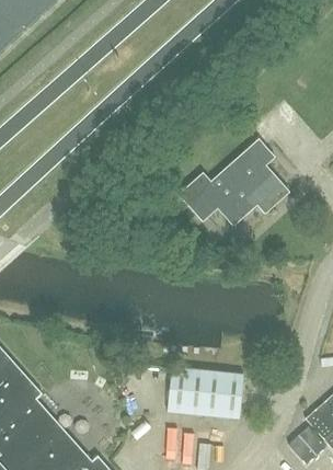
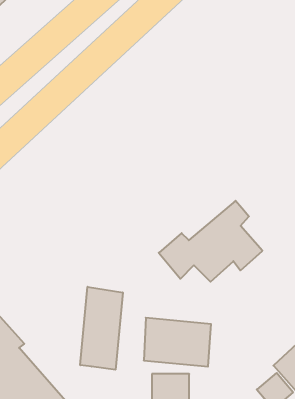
building: [177,139,287,225] -> [159,201,262,282]
building: none -> [80,287,123,370]

